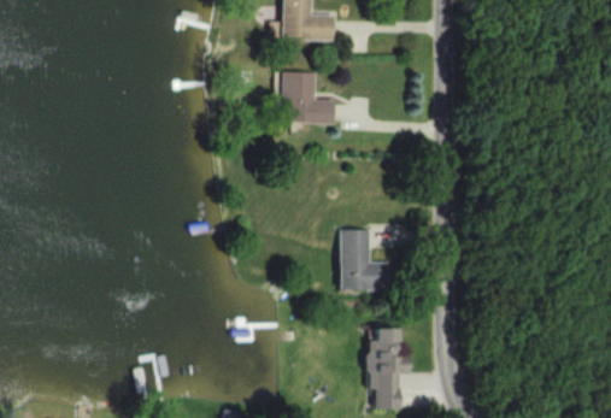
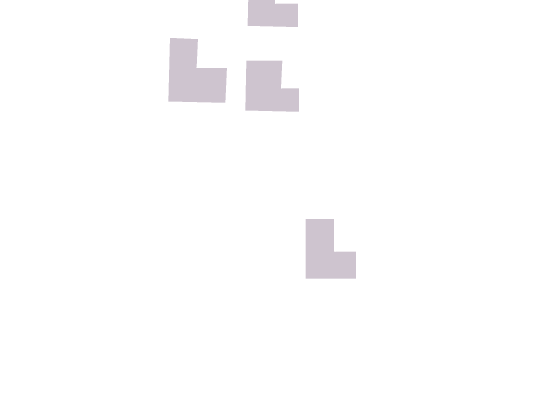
building: none -> [168,37,228,103]
building: [368,329,410,410] -> none

